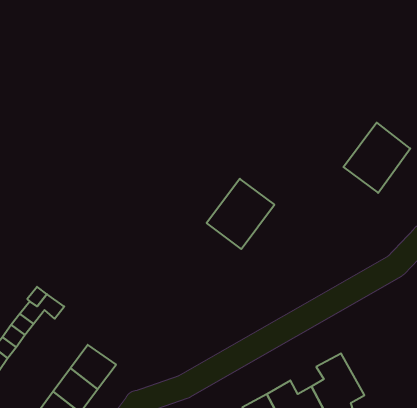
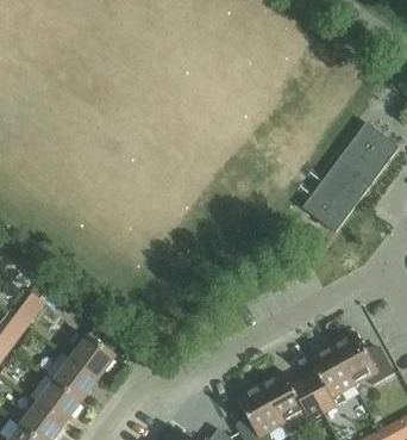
building: [207,179,274,249] -> [301,165,367,233]
building: none -> [331,331,394,385]

